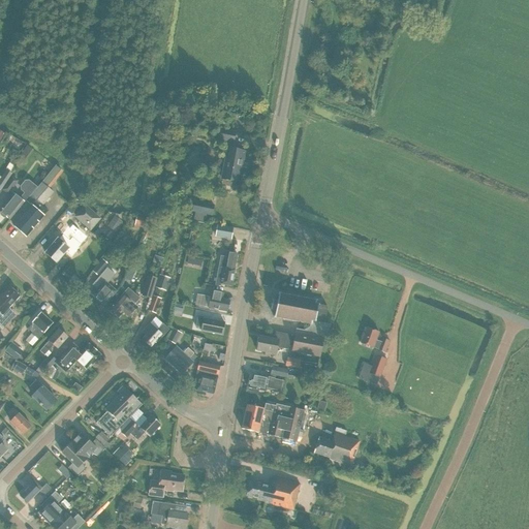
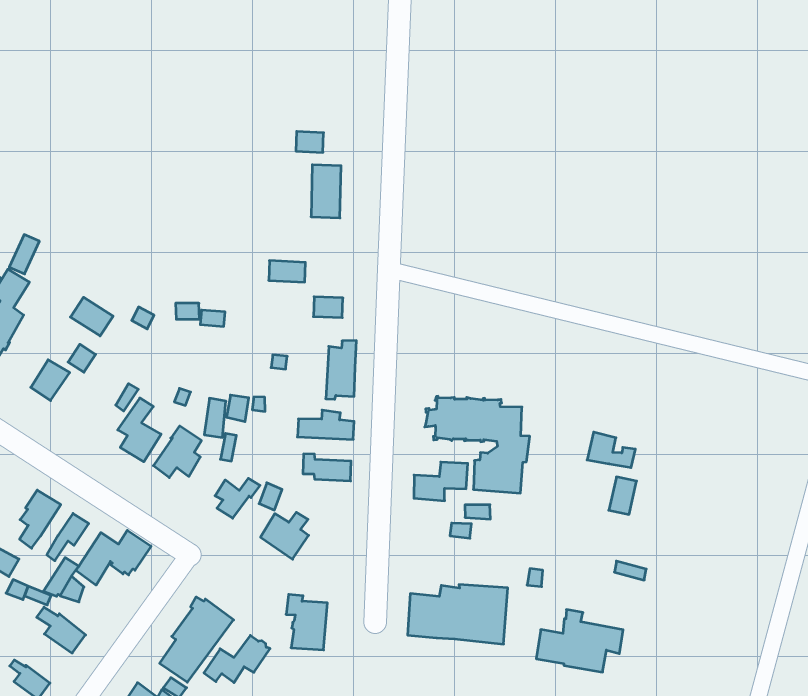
building: [194,359,219,394] -> [286,594,327,650]
building: [247,373,281,392] -> none

